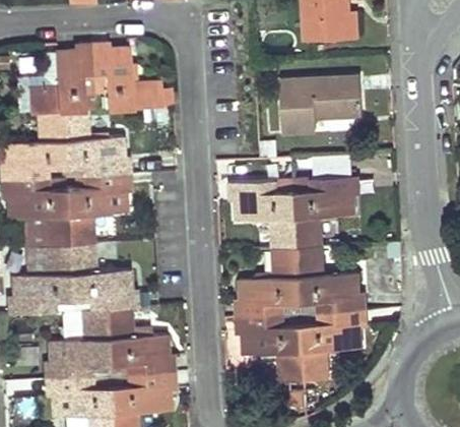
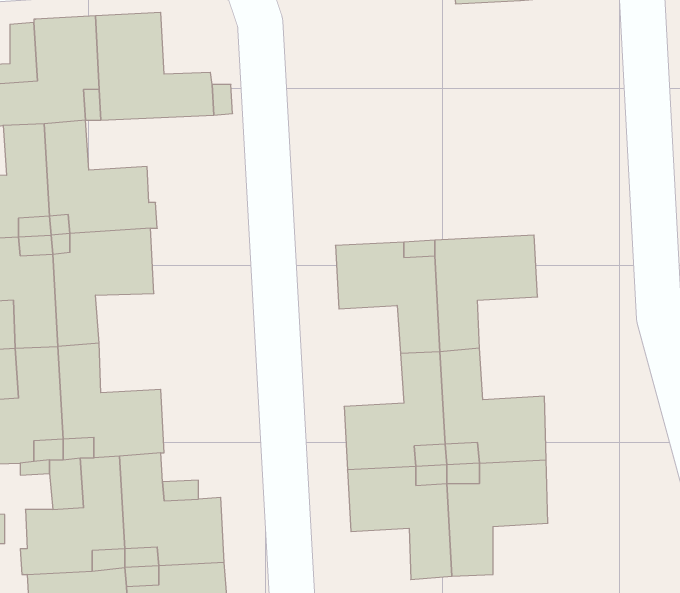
building: [279,78,362,132] -> none

